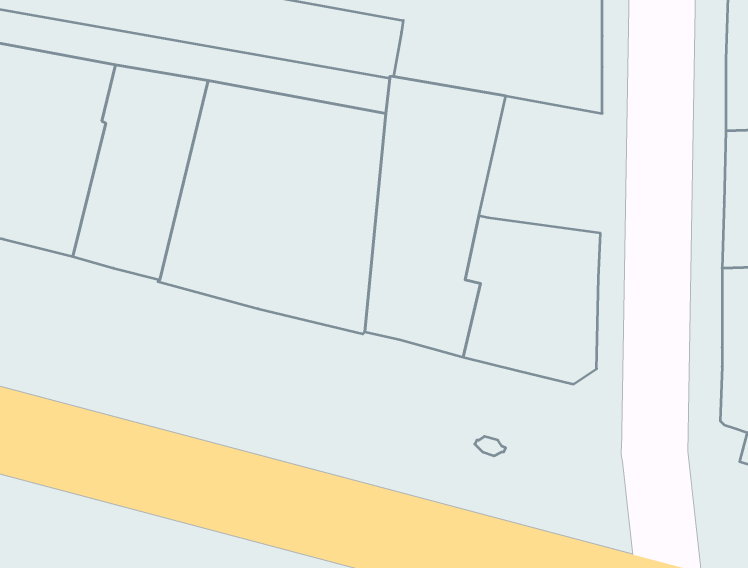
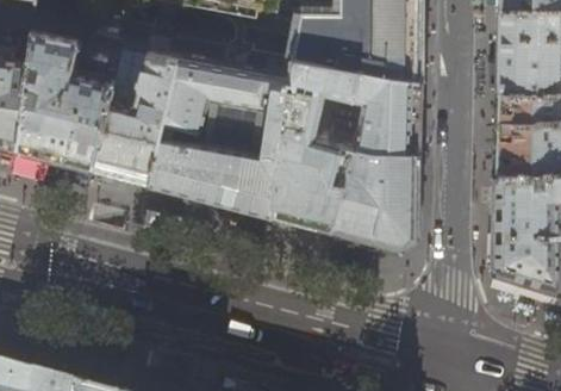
building: none -> [345,72,423,156]

